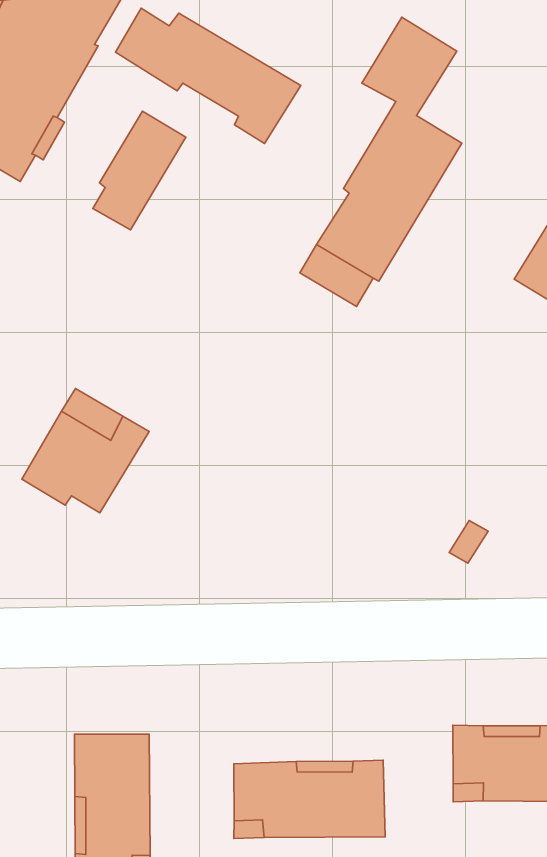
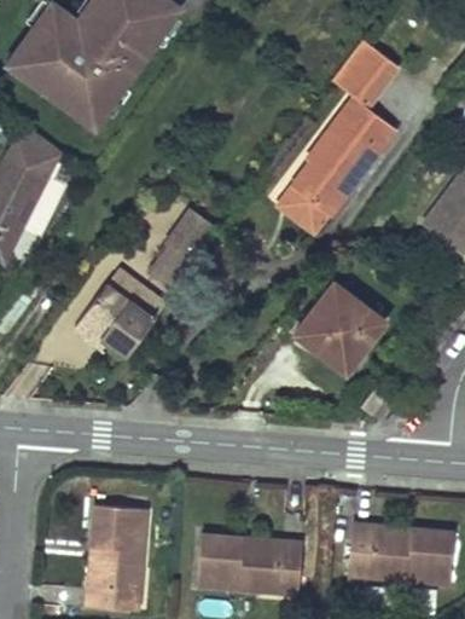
building: [115,8,301,144] -> none
building: [93,111,186,230] -> [152,209,220,289]
building: none -> [296,282,384,370]

